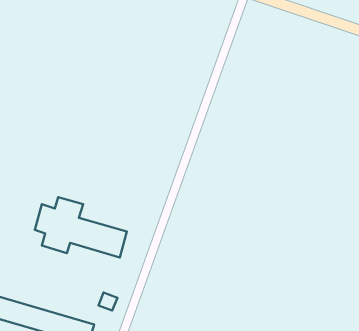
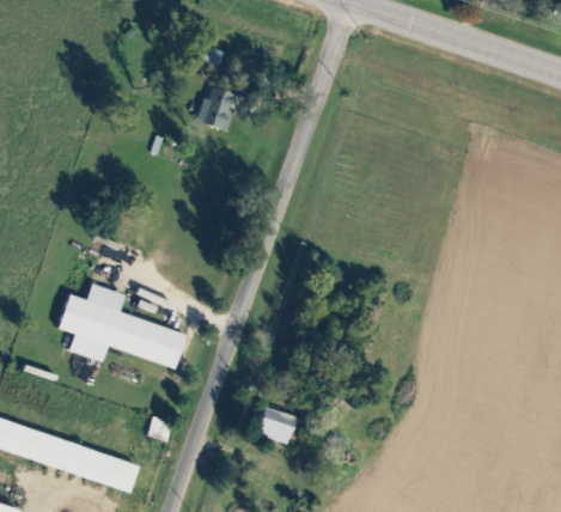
building: none -> [195,86,237,130]
building: none -> [258,408,297,443]

